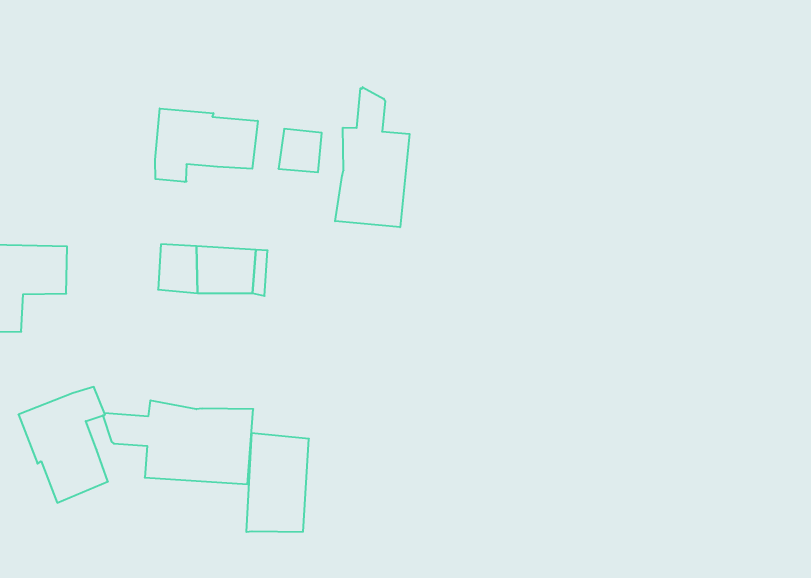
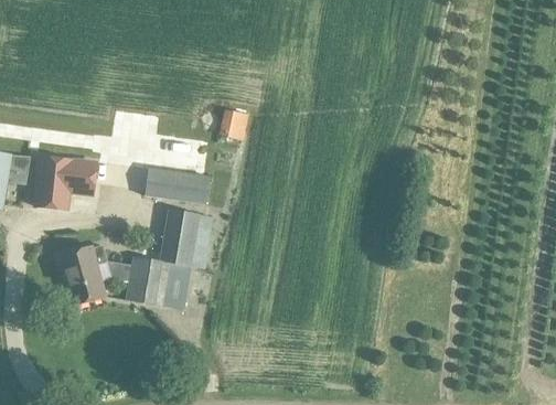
building: [335,87,410,227] -> none
building: [155,108,258,182] -> none
building: [246,433,309,532] -> [160,207,201,266]

